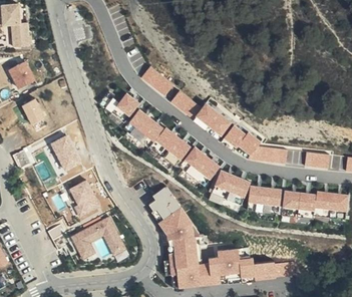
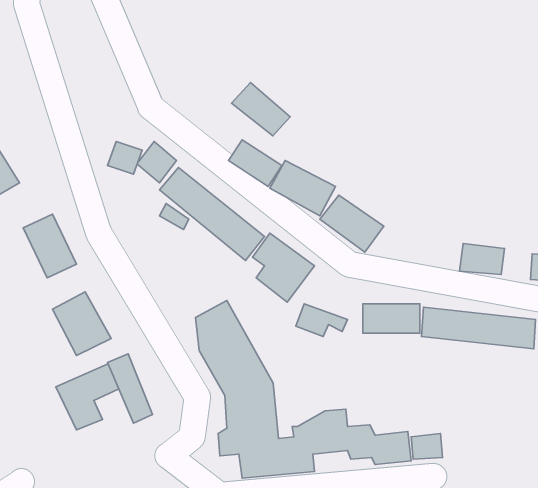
building: [139,66,173,97] -> [232,82,290,136]
building: [251,144,288,166] -> none
building: [214,169,251,198] -> none

